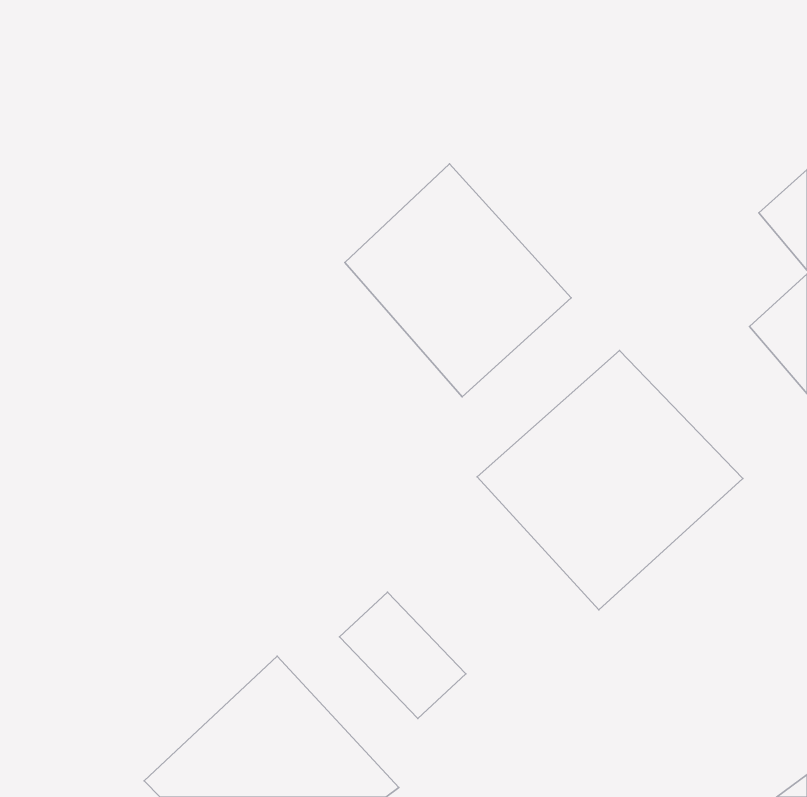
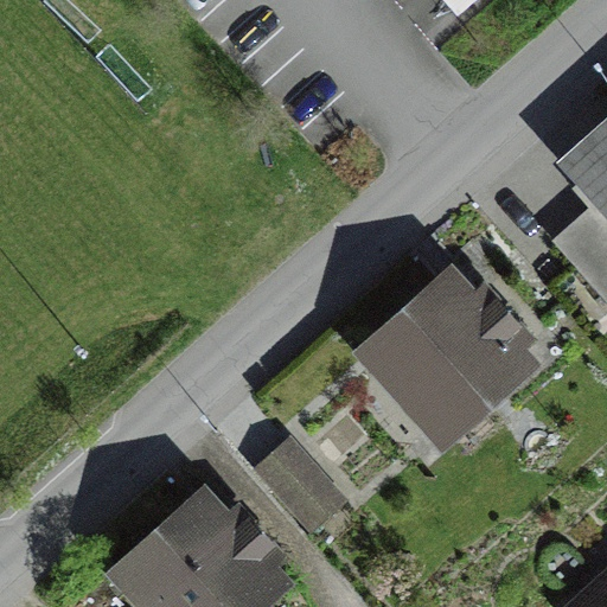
building: [345,164,571,397] -> none

